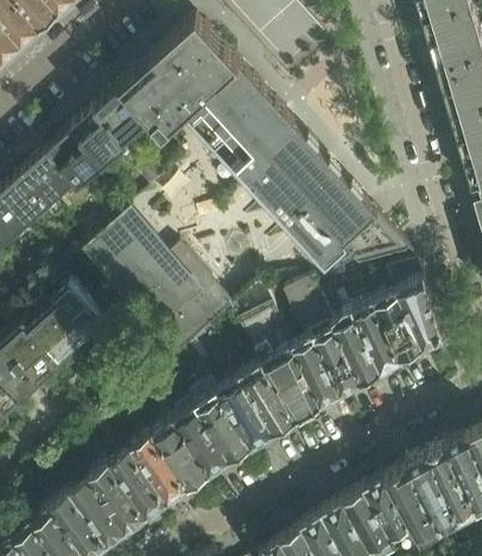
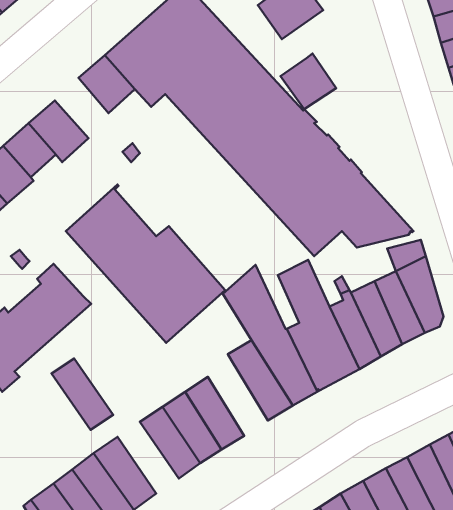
building: none -> [281,54,336,109]
building: [74,106,128,163] -> none
building: [214,371,275,444] -> none
building: [133,431,191,499] -> [52,358,113,430]

